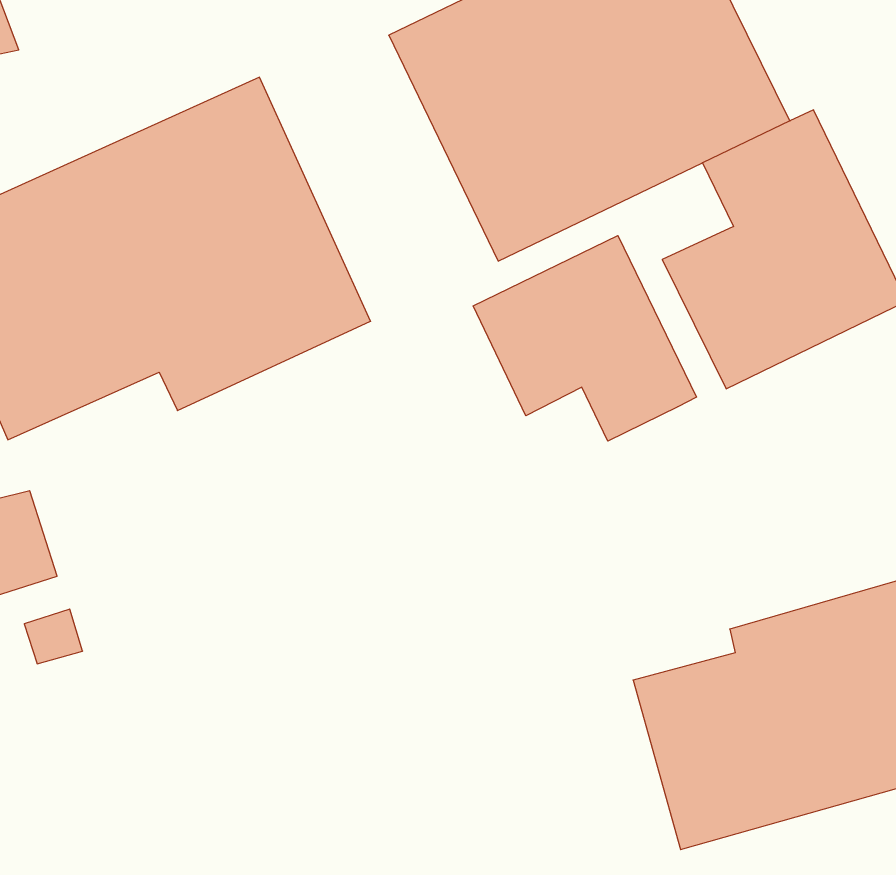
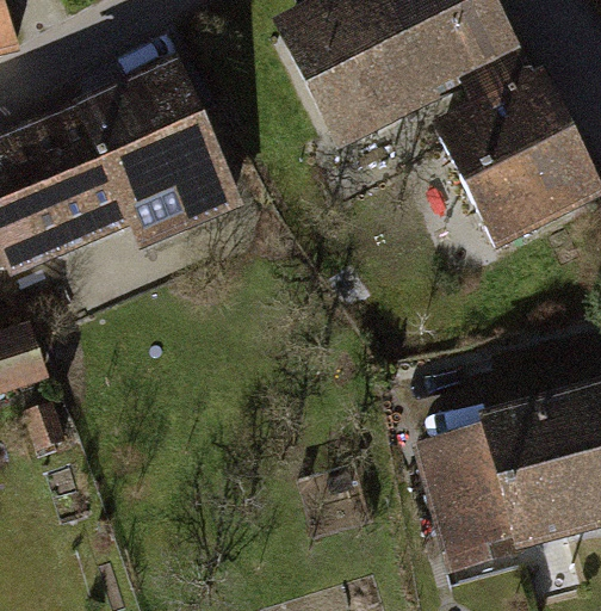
building: [473,236,696,441] -> none

